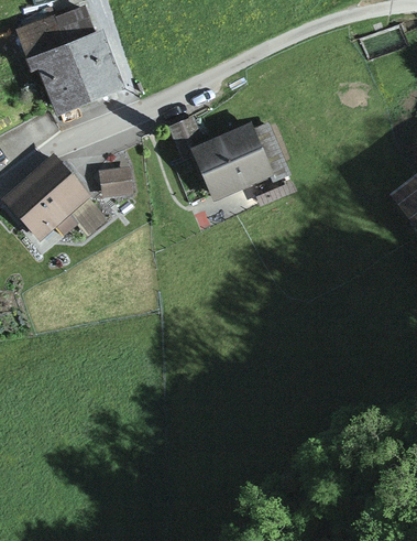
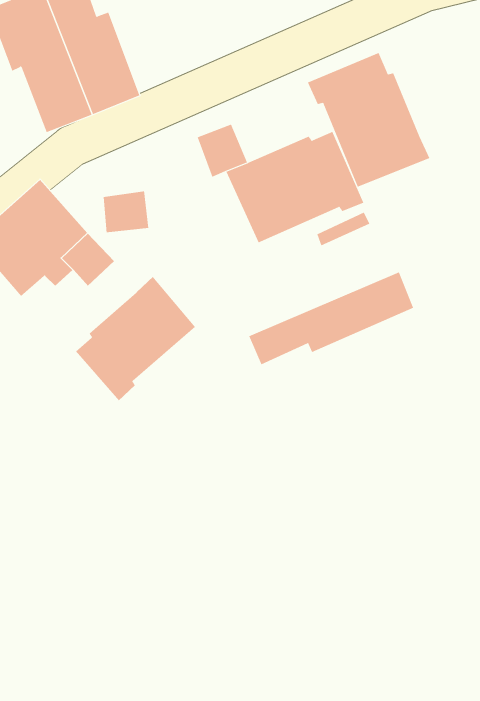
building: none -> [307,52,430,188]
building: none -> [248,271,414,365]
building: none -> [75,276,196,401]

